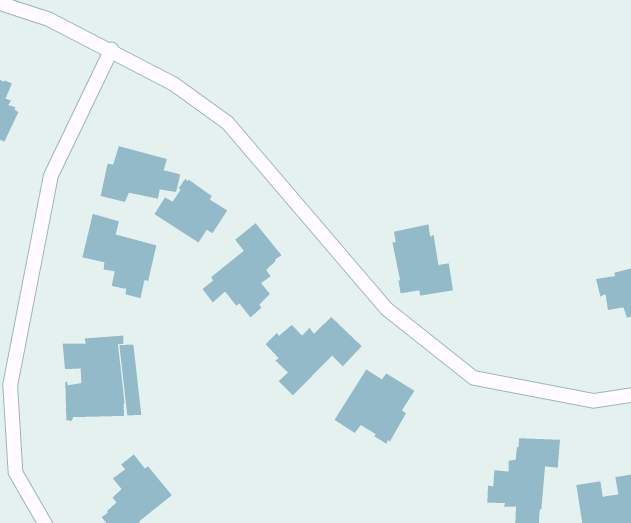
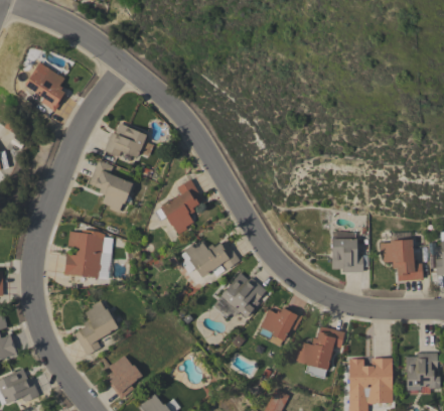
building: [154,178,228,244] -> none
building: [391,224,454,296] -> [331,232,362,272]
building: none -> [260,306,302,346]

